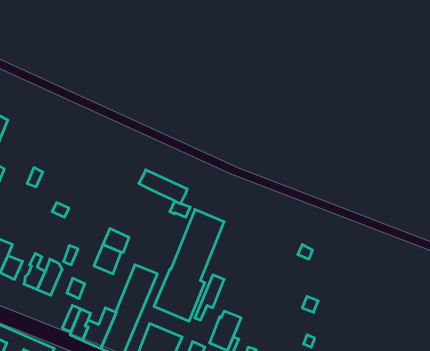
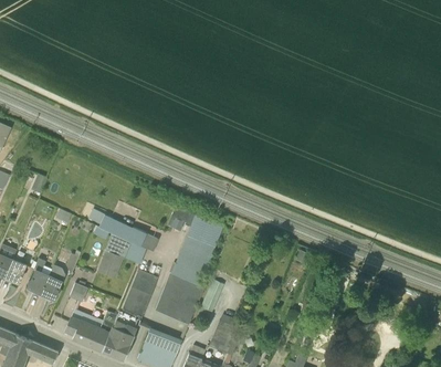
building: [139,170,187,204] -> [98,214,146,248]

